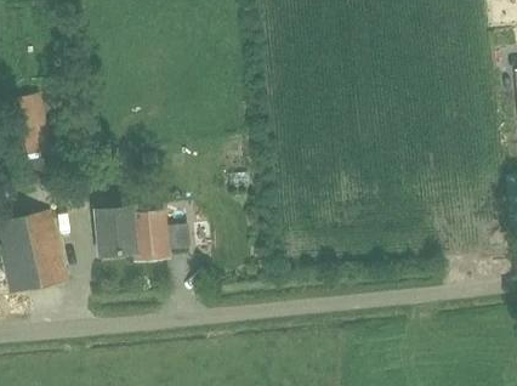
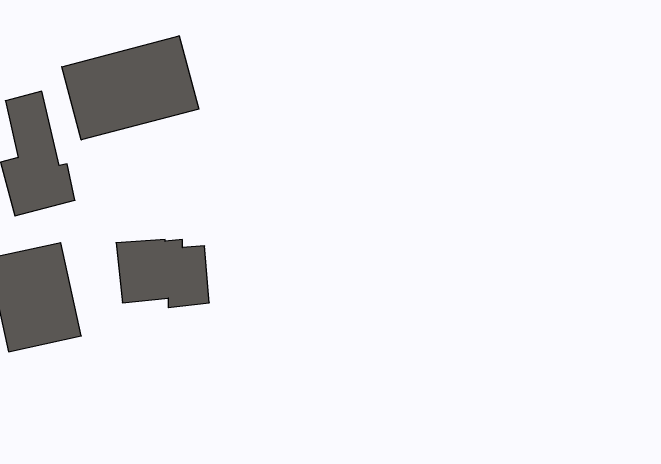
building: none -> [62,36,199,140]

